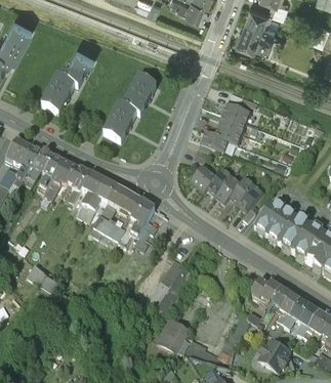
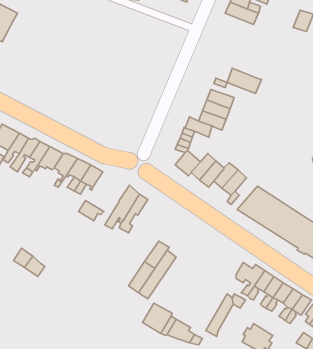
building: [237,27,272,52] -> [227,68,262,94]
building: [43,46,95,113] -> none
building: [105,76,157,141] -> none
building: [109,185,146,216] -> none

